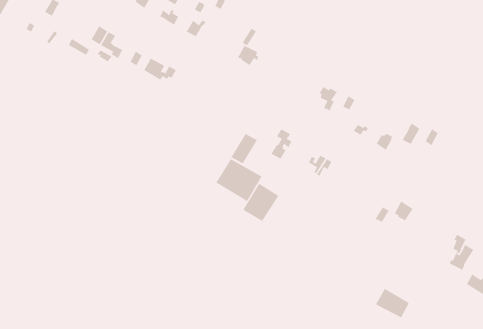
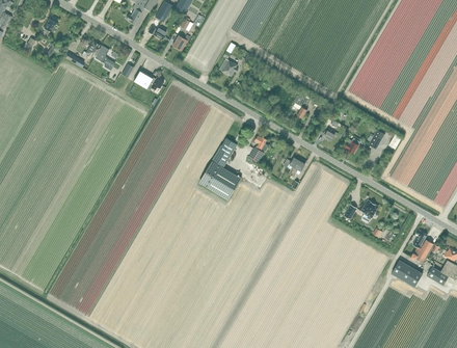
building: [243,183,279,222] -> none
building: [375,288,410,318] -> [391,259,422,286]

